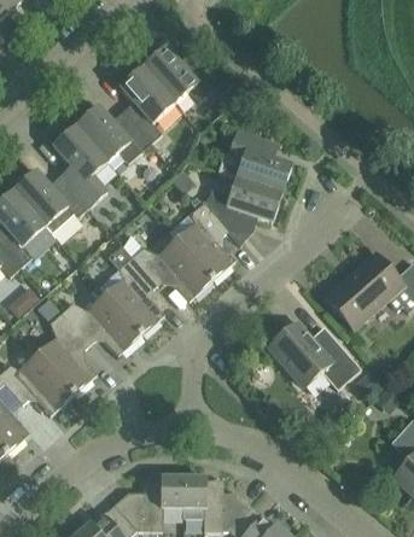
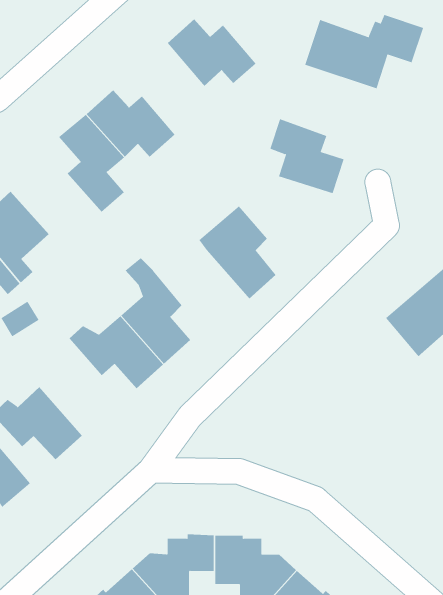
building: none -> [305,14,424,89]
building: [119,68,174,144] -> none
building: [12,170,88,238] -> none
building: [203,179,281,235] -> none
building: [132,240,211,302] -> none
building: [36,314,97,395] -> none
building: [268,322,360,391] -> none

